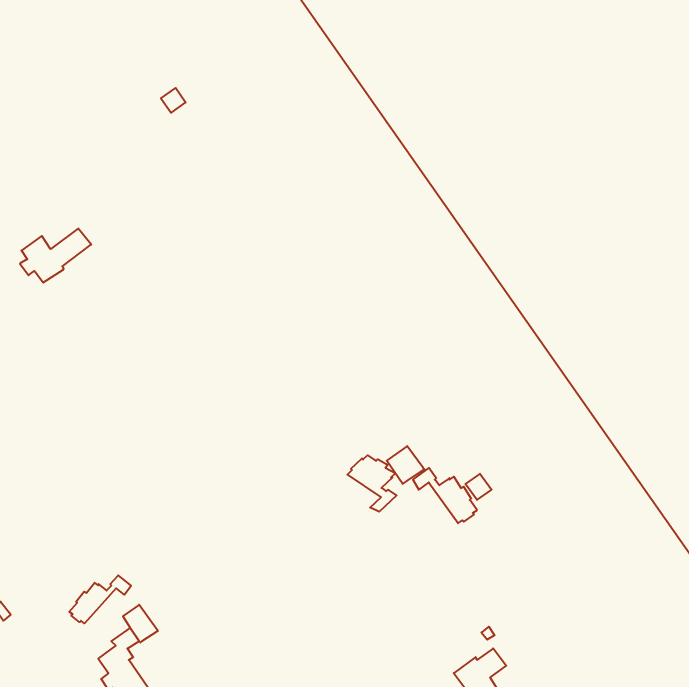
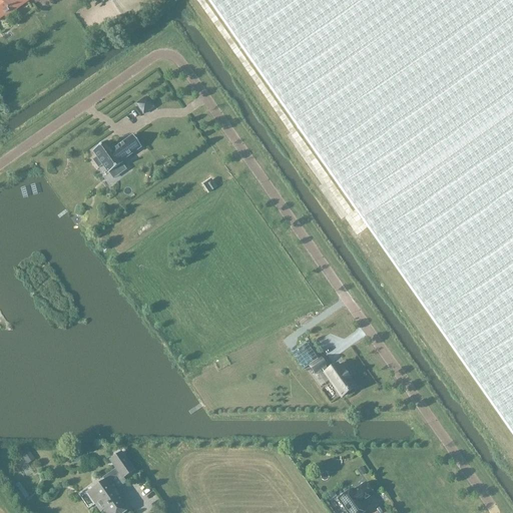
building: [20,229,91,283] -> [92,133,141,170]
building: [347,455,397,512] -> none
building: [69,575,131,623] -> none

